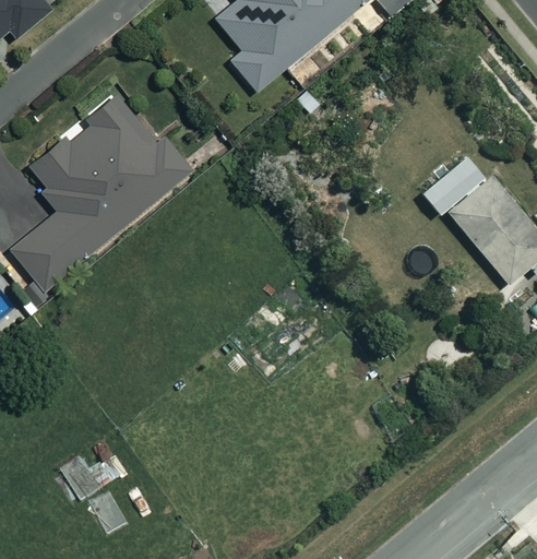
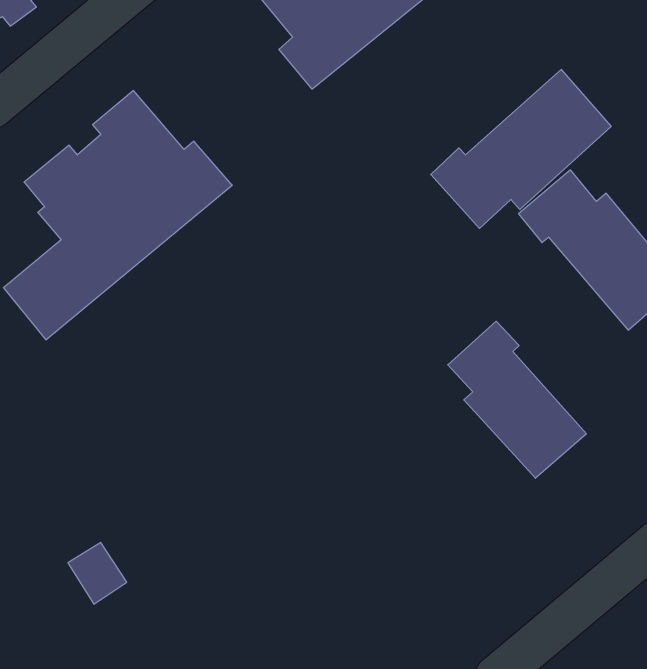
building: none -> [431,69,611,228]
building: none -> [448,321,586,478]

